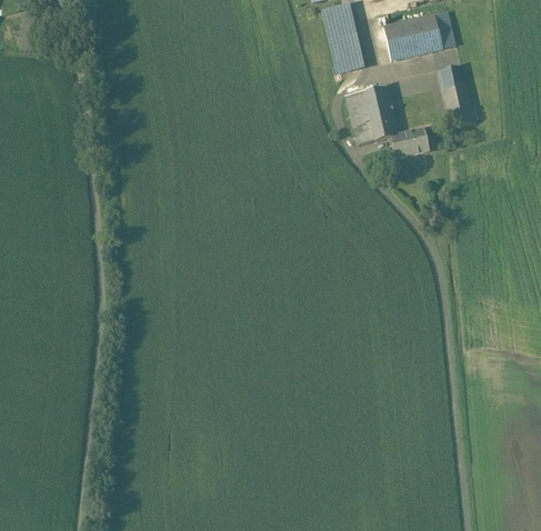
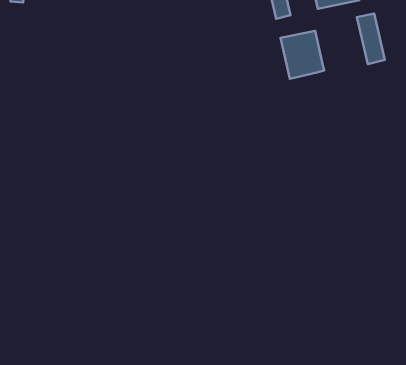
building: [390,127,429,158] -> none

